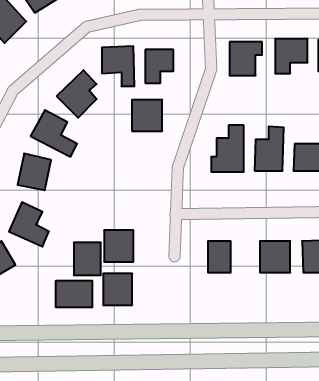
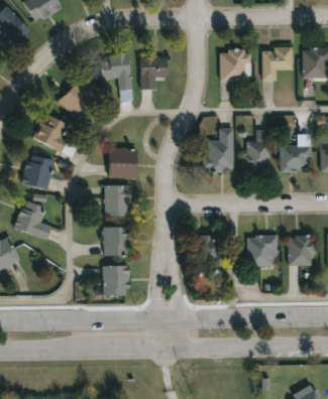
building: [132,100,162,131] -> [109,148,137,177]
building: [74,243,101,275] -> [104,185,129,216]
building: [56,281,92,307] -> none

